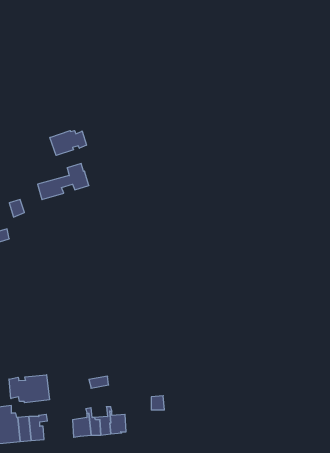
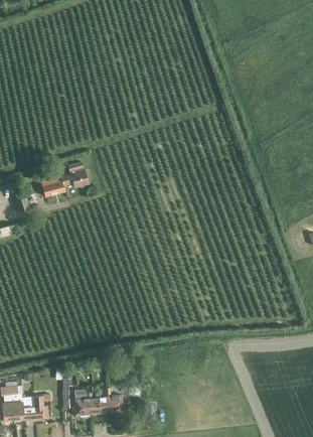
building: [50,131,86,155] -> none
building: [9,375,49,403] -> none

